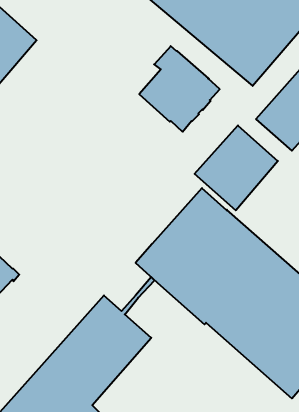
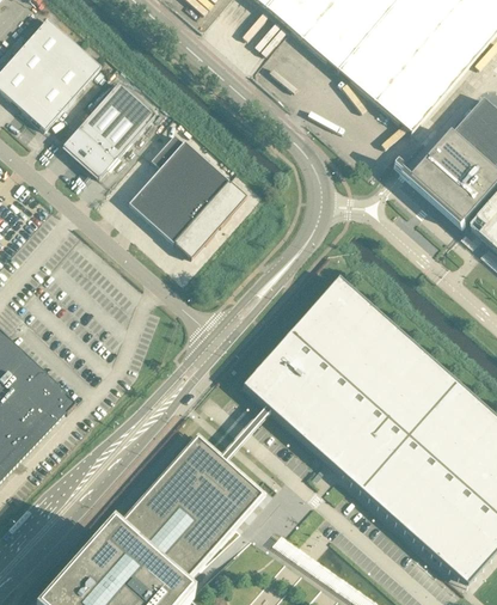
building: [139,46,220,132] -> [129,133,245,256]
building: none -> [63,81,155,176]
building: [195,125,278,210] -> none

